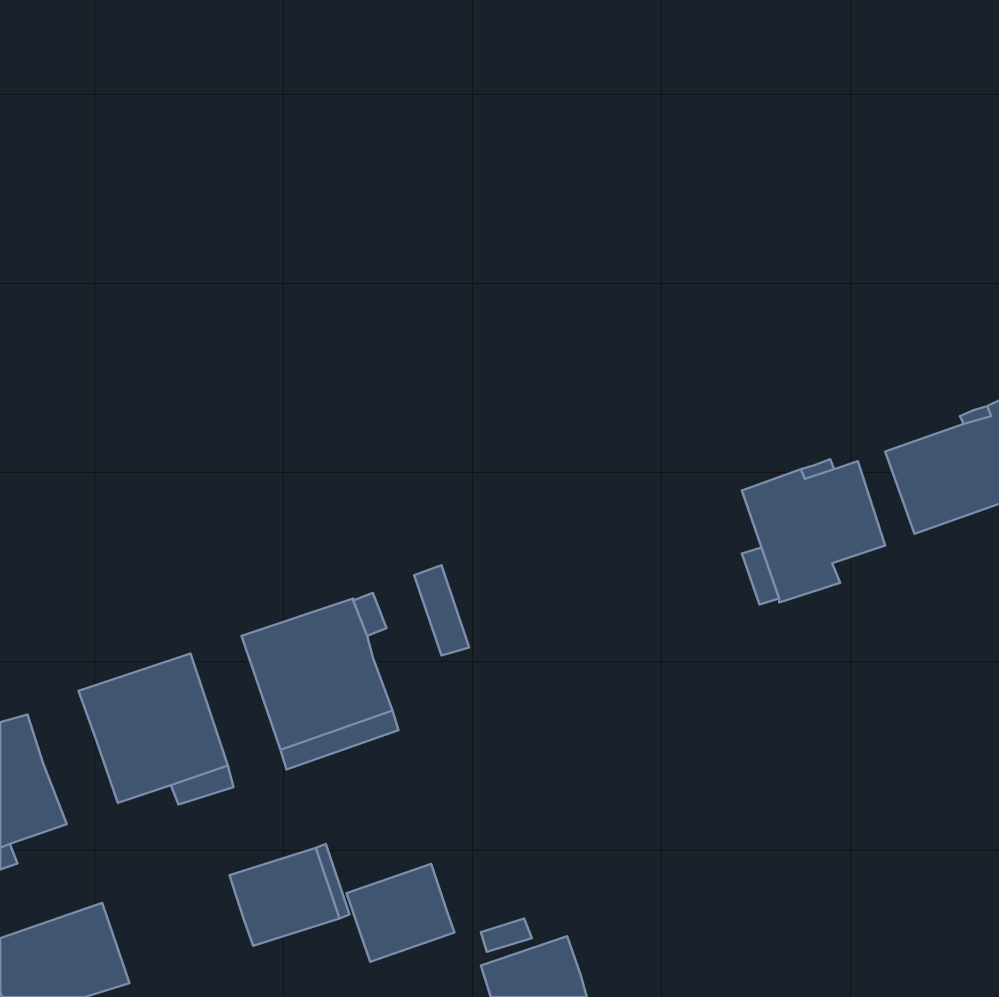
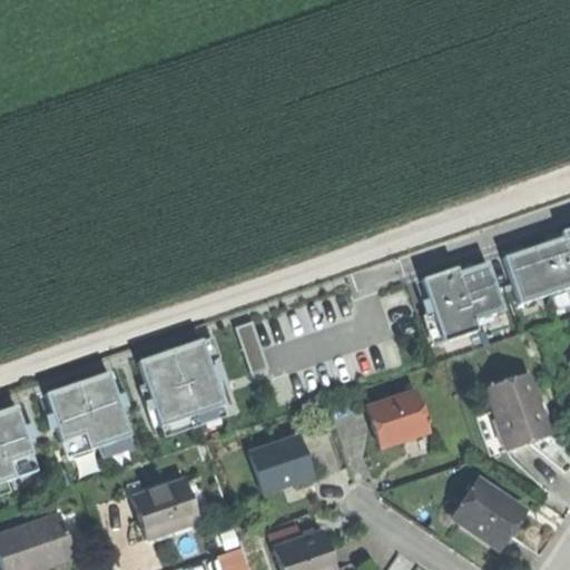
building: none -> [487,372,550,450]
building: none -> [368,390,429,446]
building: none -> [453,479,524,547]
building: [347,864,455,962] -> [252,435,313,491]

